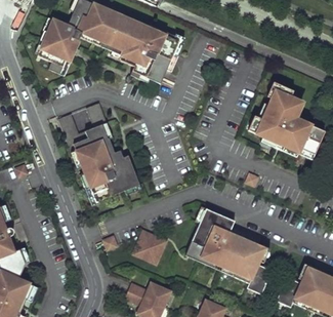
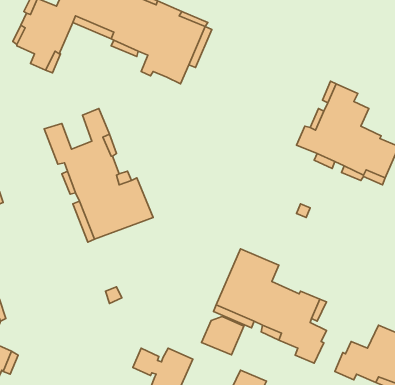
building: [134,234,166,263] -> [202,317,244,355]

